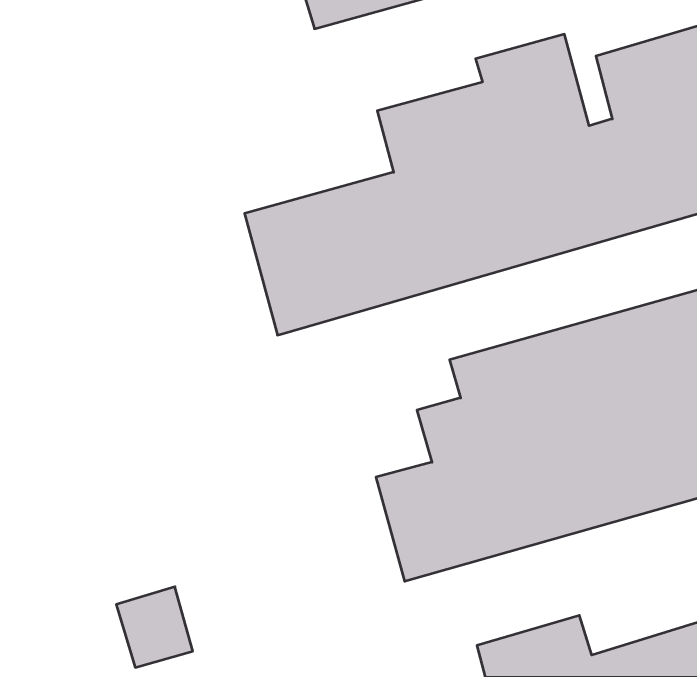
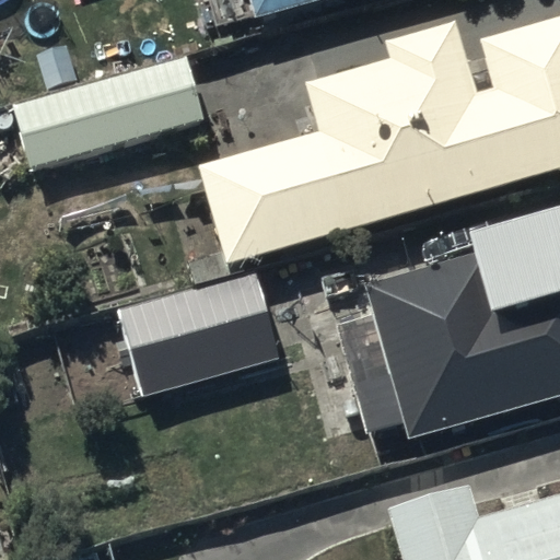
building: none -> [12,58,205,172]
building: none -> [117,269,279,396]

